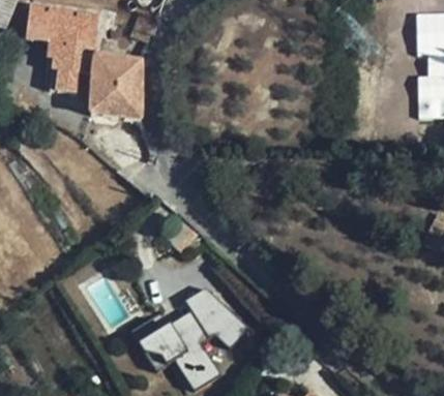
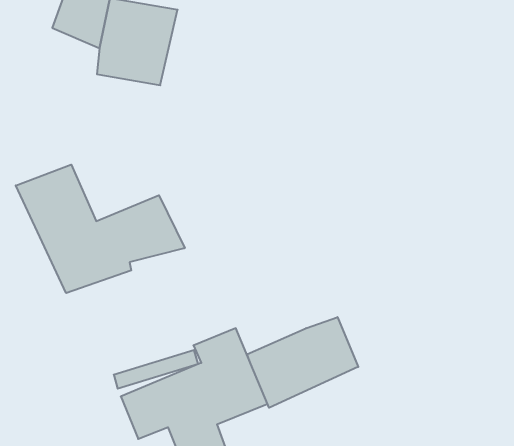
building: none -> [16,165,185,293]
building: none -> [247,317,358,408]

